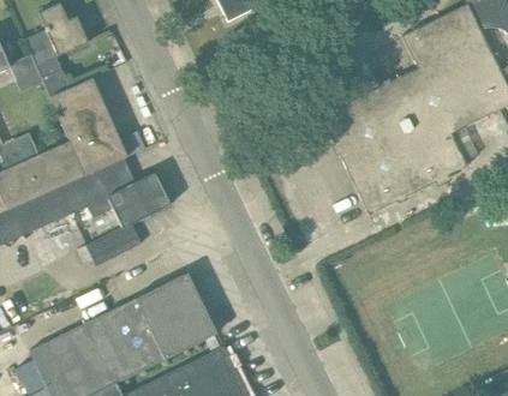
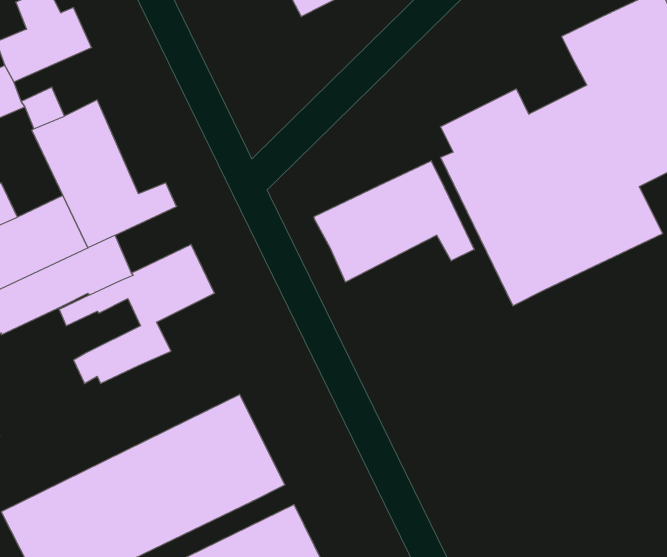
building: none -> [314,161,474,282]

